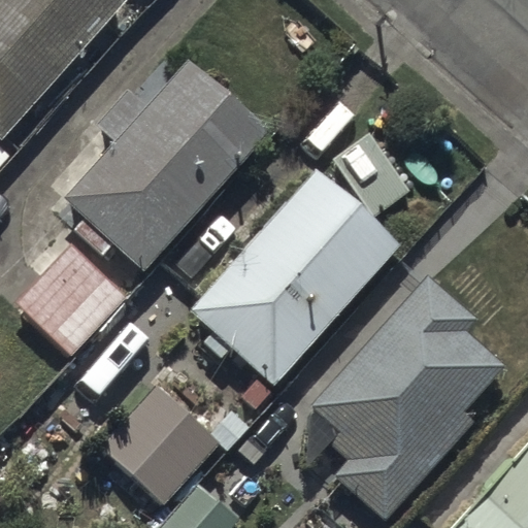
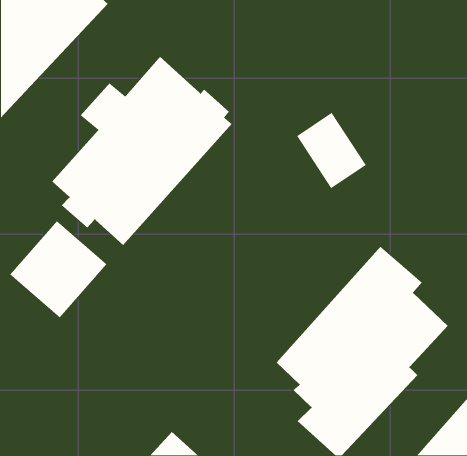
building: [193,169,400,386] -> none
building: [98,385,218,504] -> none

